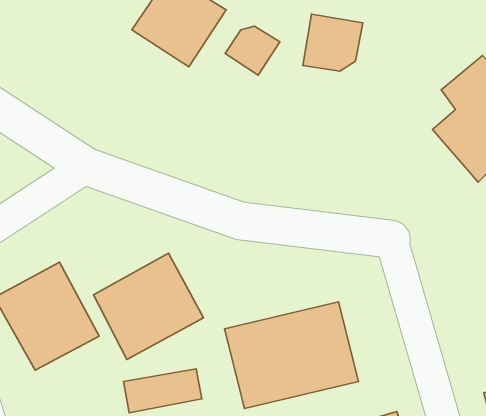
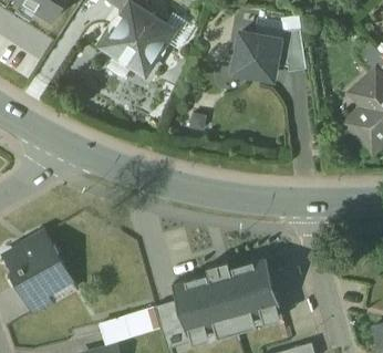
building: [225,26,280,75] -> none
building: [94,253,204,359] -> none

